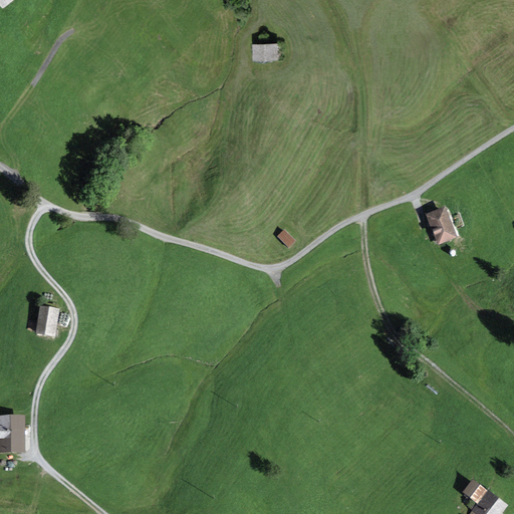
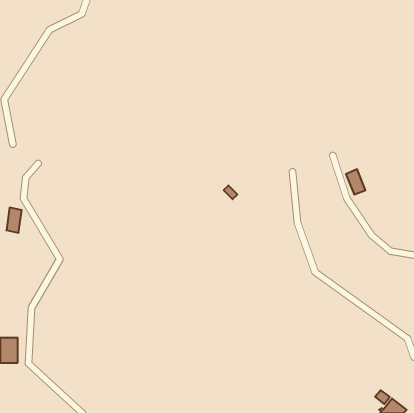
building: [254,44,281,58] -> none
building: [37,303,56,334] -> [6,208,22,233]

